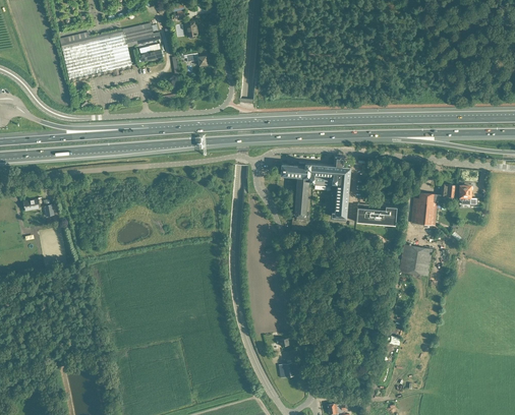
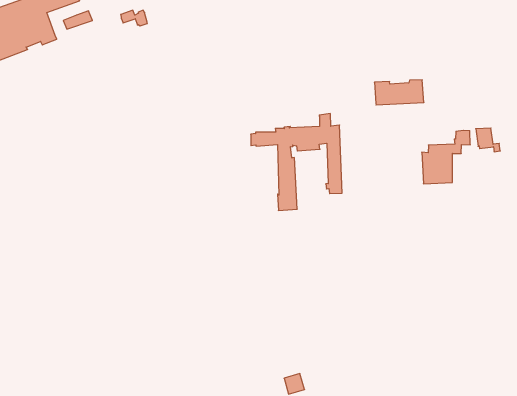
building: [356,203,396,225] -> [374,80,424,105]
building: [399,244,433,276] -> none

